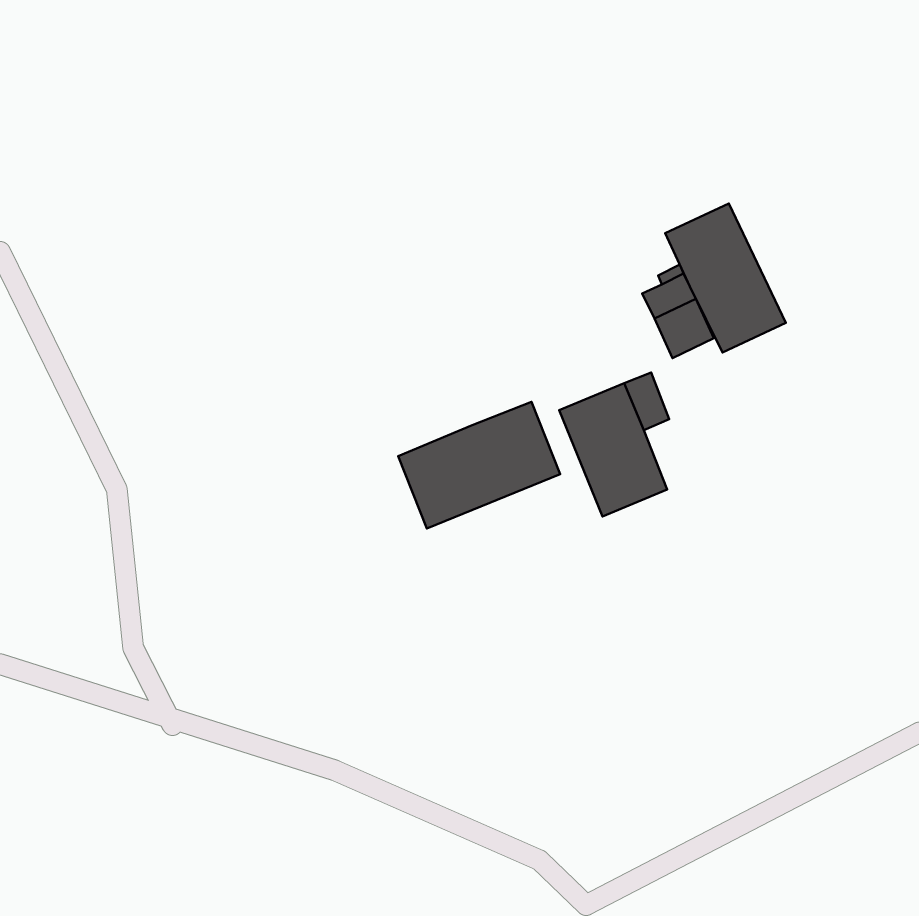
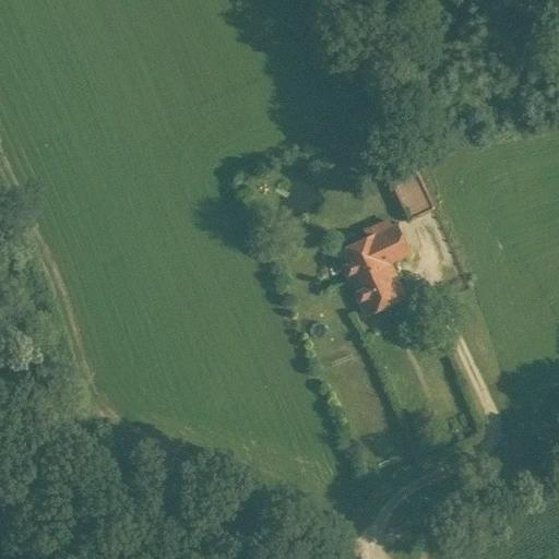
building: [665,204,786,353] -> none
building: [398,402,560,528] -> none

